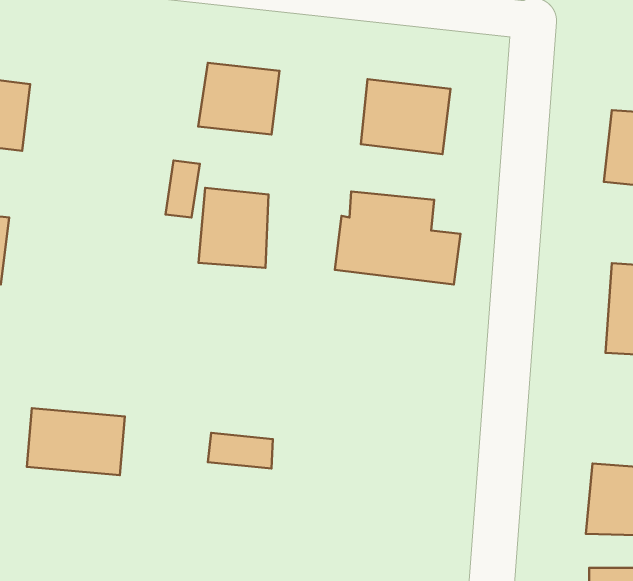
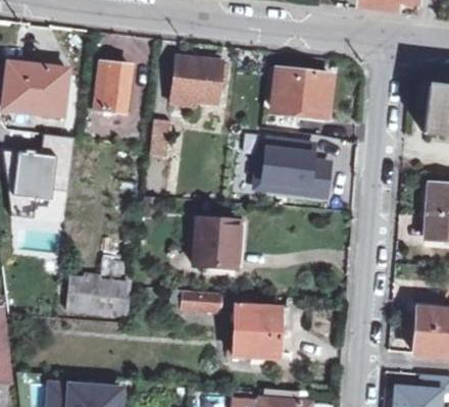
building: none -> [94,65,132,115]
building: [199,188,269,268] -> [195,218,239,268]
building: none -> [234,308,280,360]

